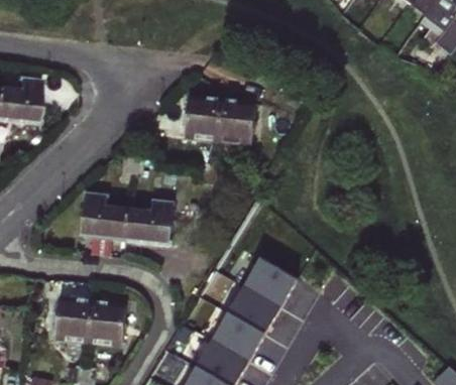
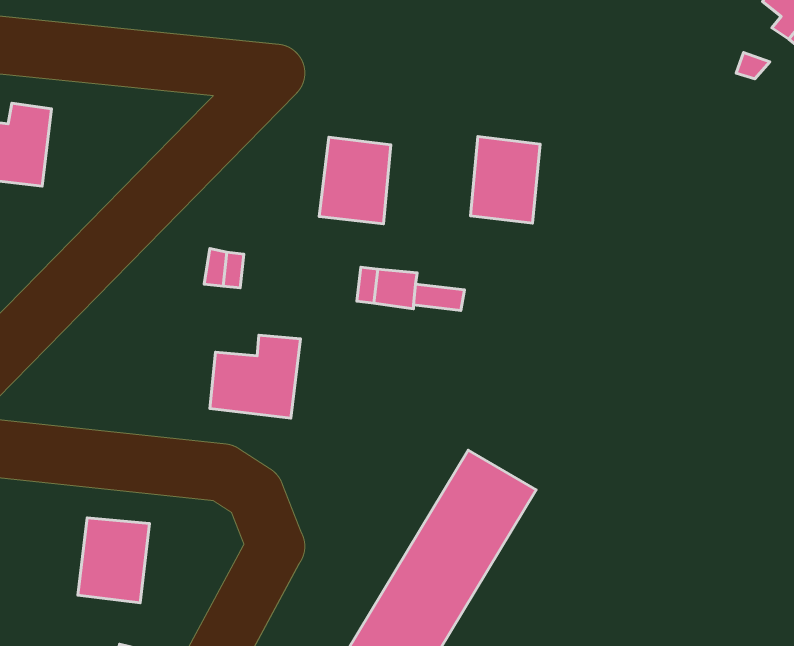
building: [216,98,253,144] -> [470,137,540,223]
building: [79,192,126,239] -> none
building: [86,300,124,347] -> none

